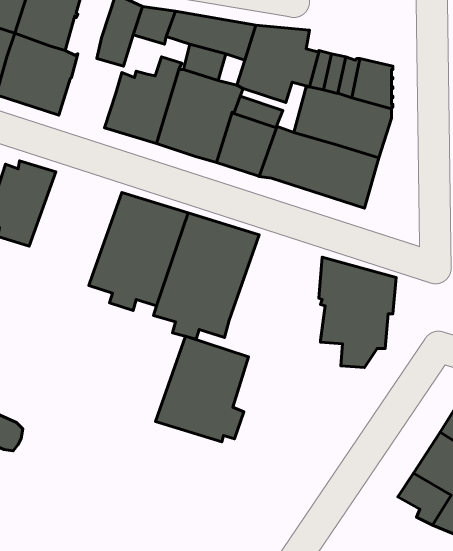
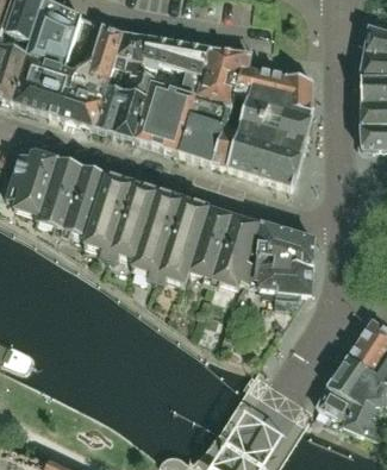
building: none -> [61,57,110,125]
building: none -> [36,158,108,237]
building: [156,336,249,442] -> [189,206,260,286]

